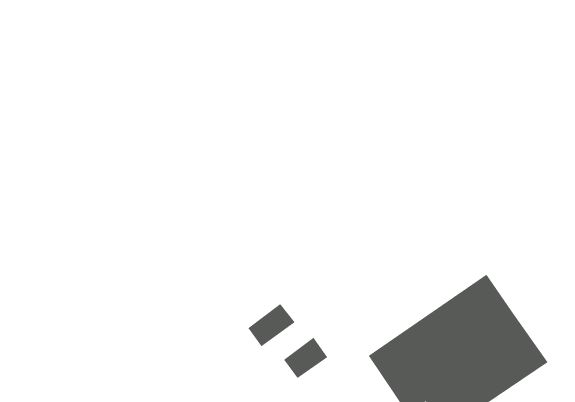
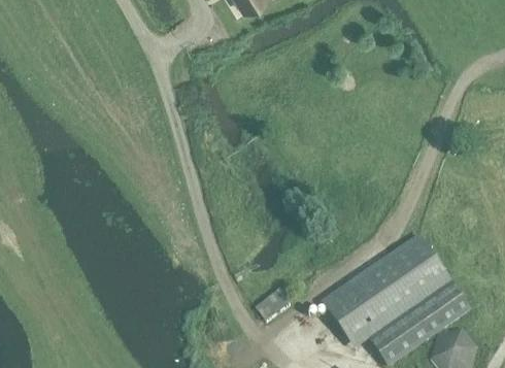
building: [248,303,296,347] -> none

